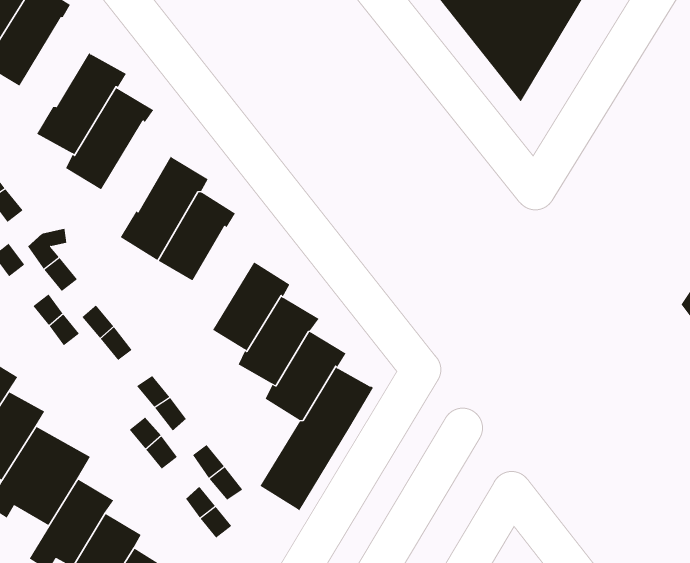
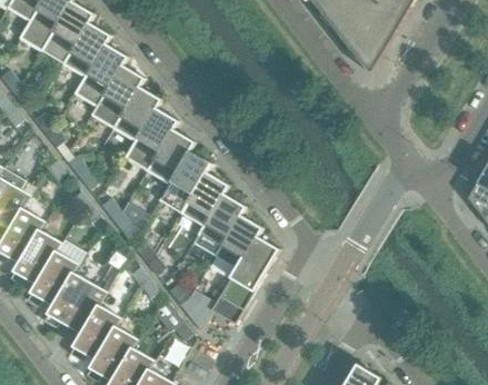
building: none -> [63,21,112,76]
building: none -> [113,85,162,140]
building: none -> [159,149,212,213]

